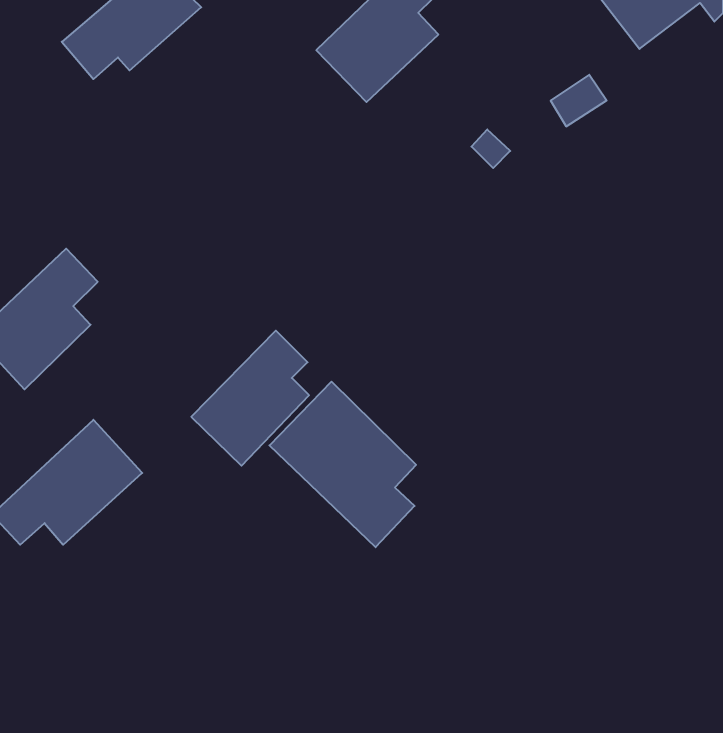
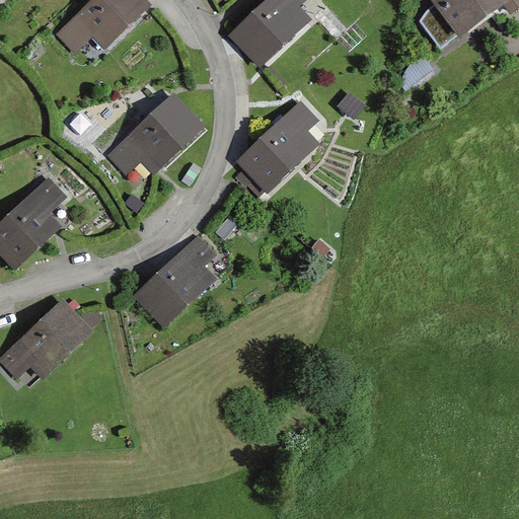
building: none -> [106,92,207,177]
building: none -> [235,97,322,195]
building: [269,382,416,547] -> none

